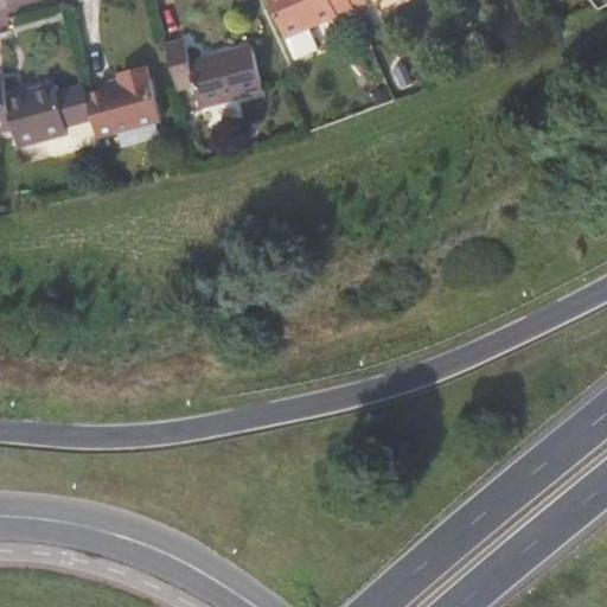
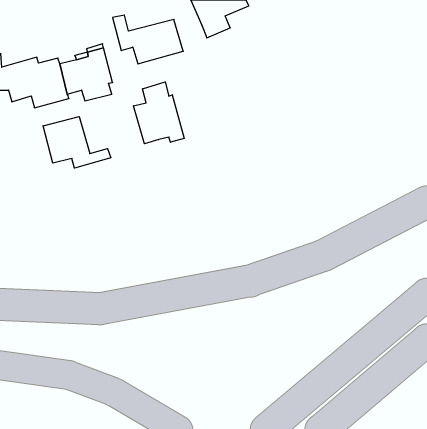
building: none -> [134,82,184,144]
building: none -> [43,117,111,168]

